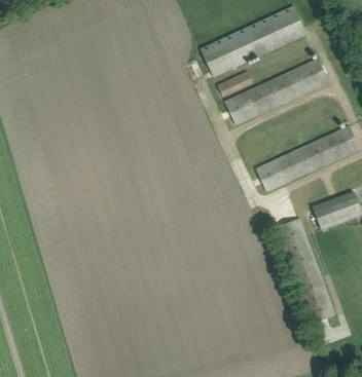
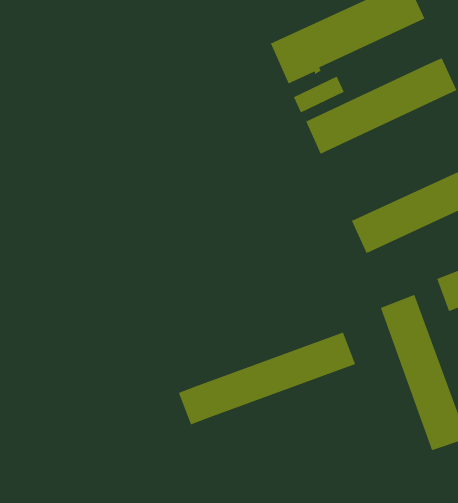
building: none -> [178,331,356,426]

